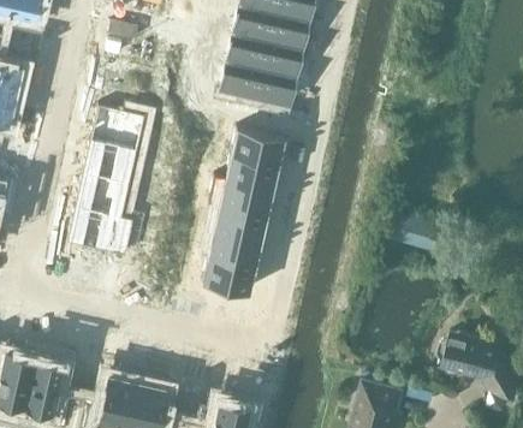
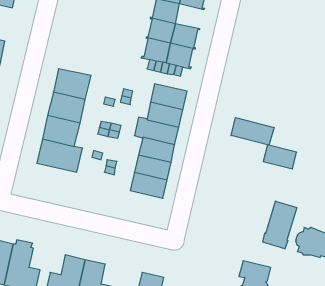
building: [268,11,309,47] -> none
building: none -> [231,118,274,145]
building: none -> [263,201,297,249]

